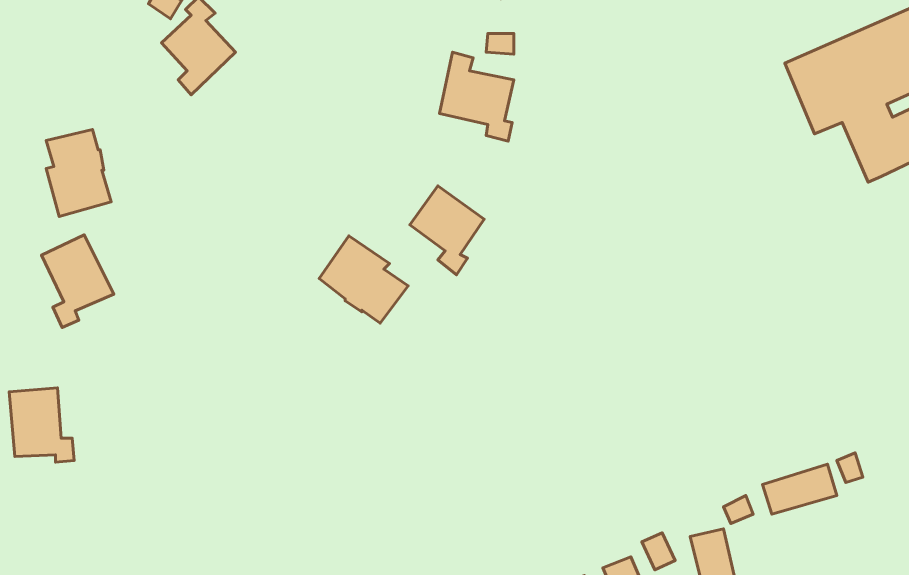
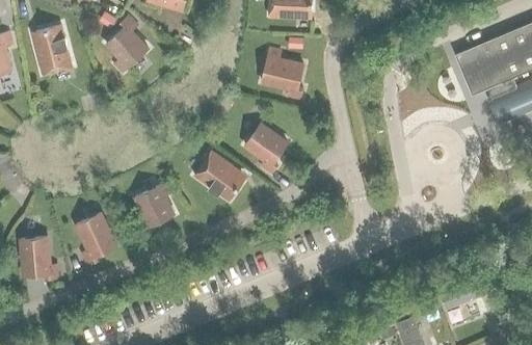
building: [46,129,111,217] -> [34,26,71,75]
building: [42,235,114,328] -> [75,213,115,265]
building: none -> [134,183,172,234]

